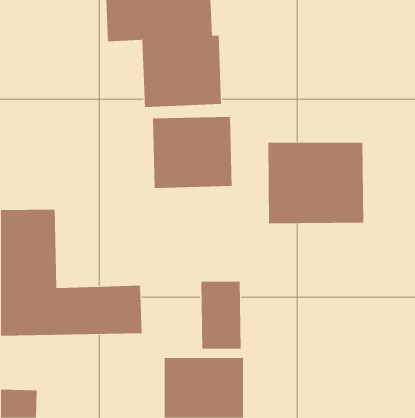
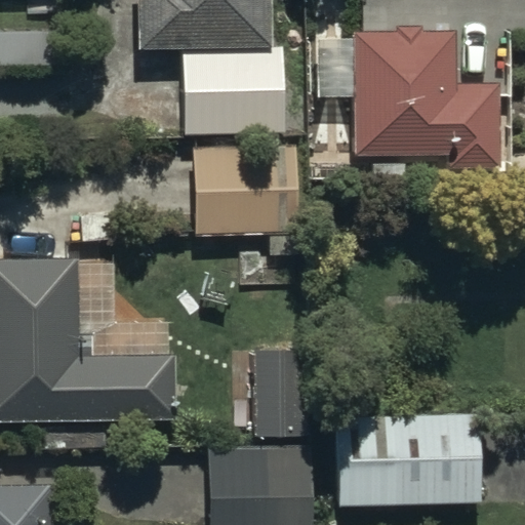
building: none -> [353,30,499,168]
building: [268,142,364,224] -> none
building: none -> [335,415,480,507]

